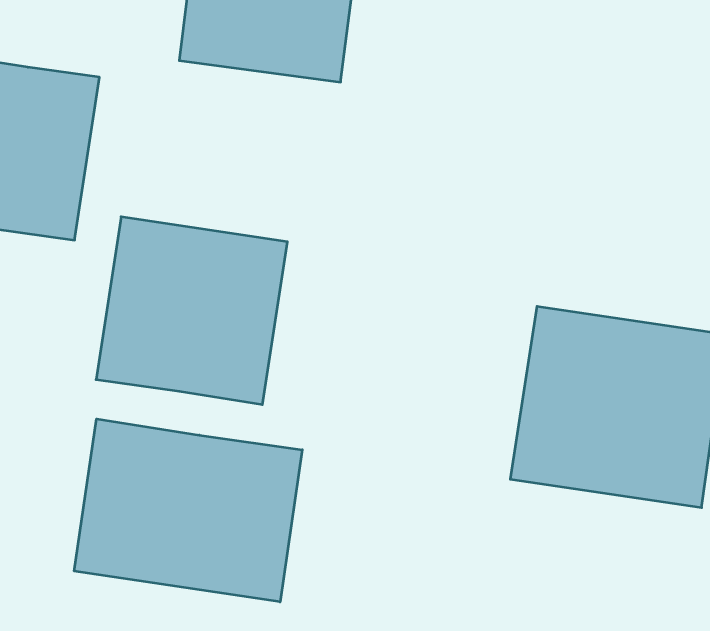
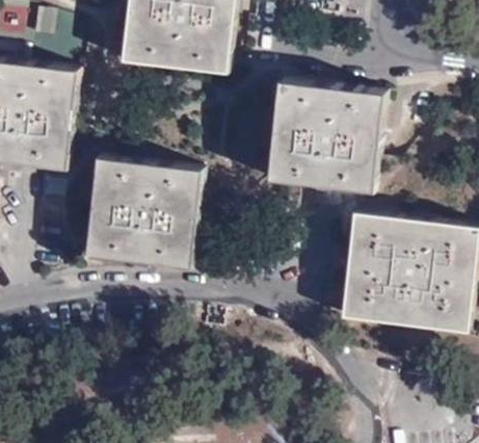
building: none -> [269,78,389,192]
building: [74,419,302,602] -> none

